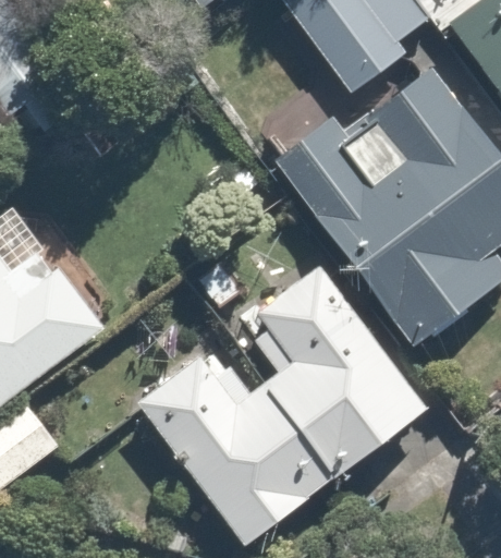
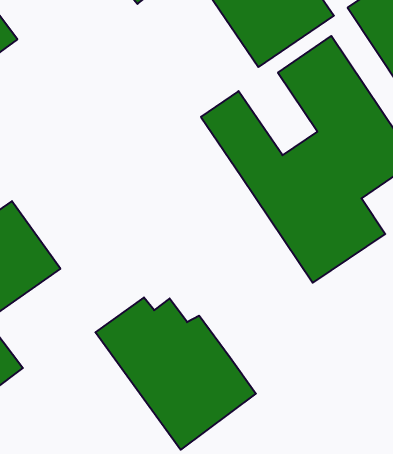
building: [255,263,430,476] -> none

